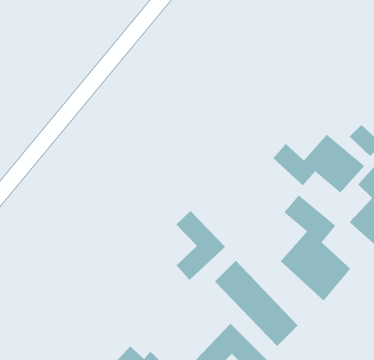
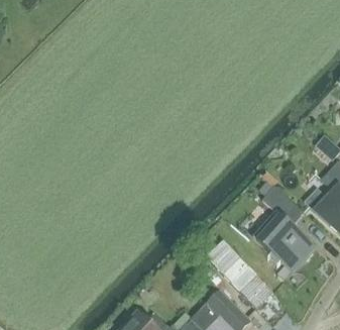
building: [272,134,365,193] -> none
building: [175,210,226,281] -> none

